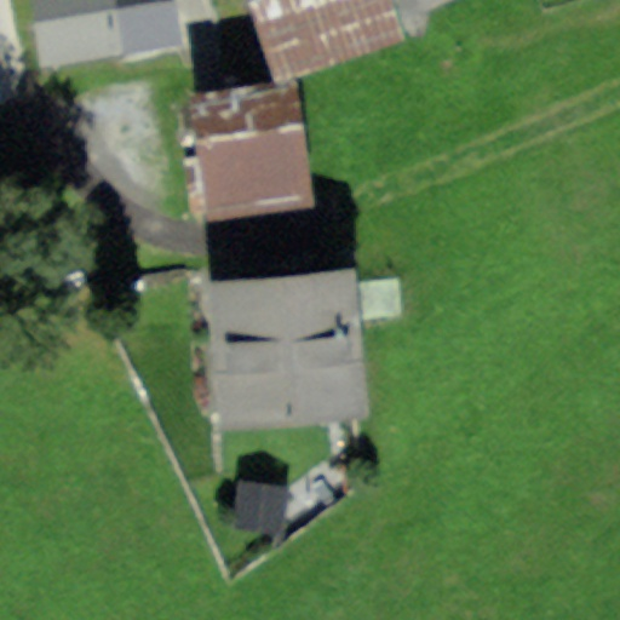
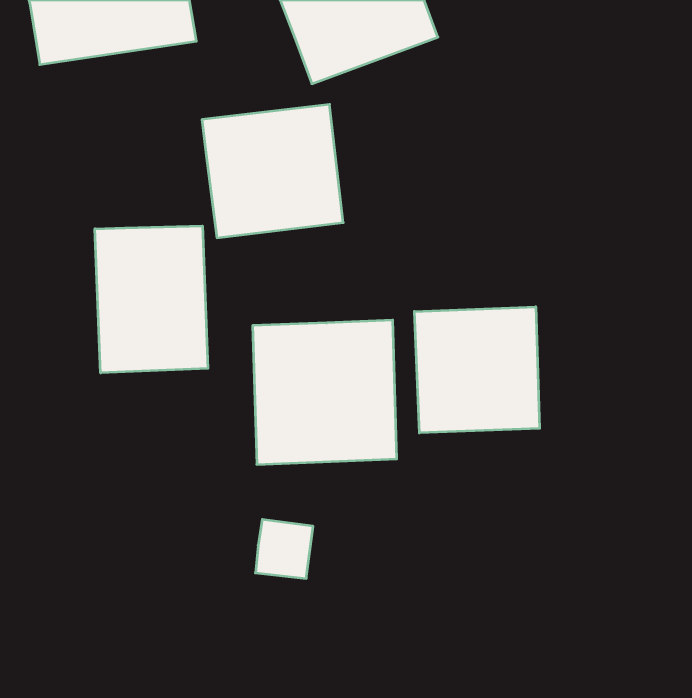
building: none -> [95,226,208,373]
building: none -> [414,307,540,433]

